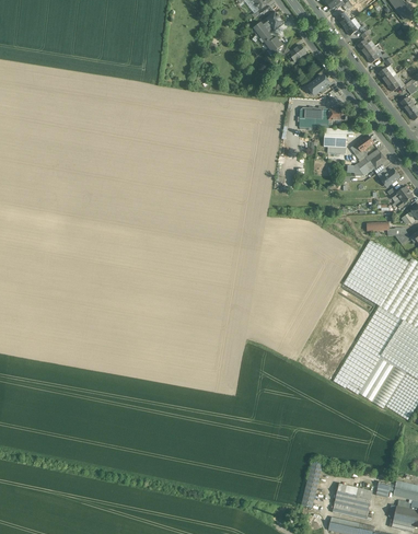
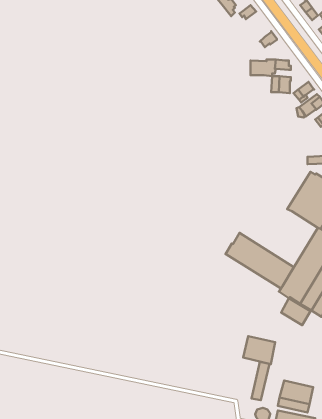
building: none -> [225,233,294,288]
building: none -> [281,298,310,325]
building: none -> [243,336,275,364]

